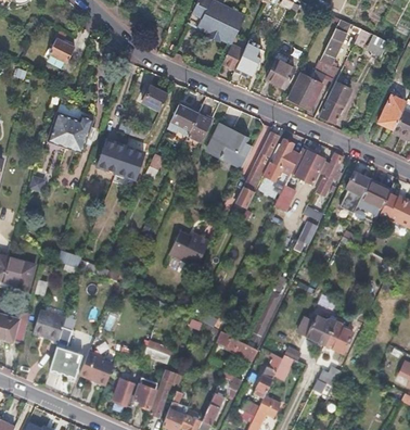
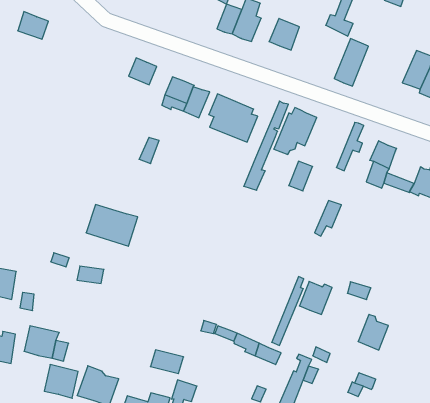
building: [287,76,320,108] -> none
building: [48,114,93,152] -> none
building: [95,140,141,178] -> [86,205,138,246]
building: [285,150,329,185] -> none
building: [359,181,390,211] -> none
building: [169,231,208,266] -> none
building: [306,315,335,344] -> [299,281,332,314]

